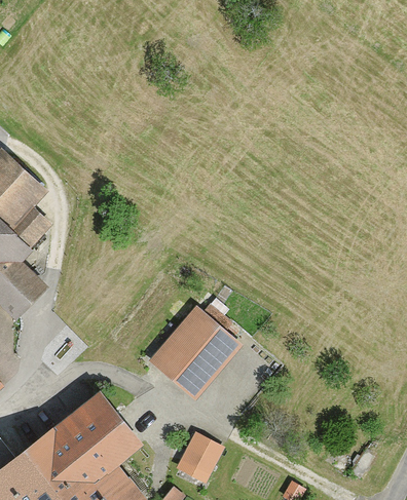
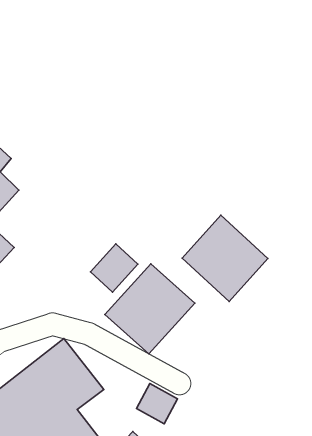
building: none -> [182,215,268,301]
building: none -> [90,244,138,292]

